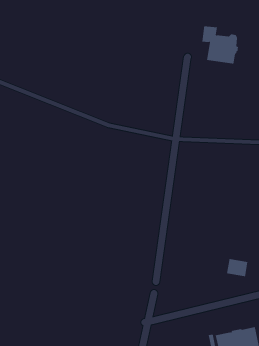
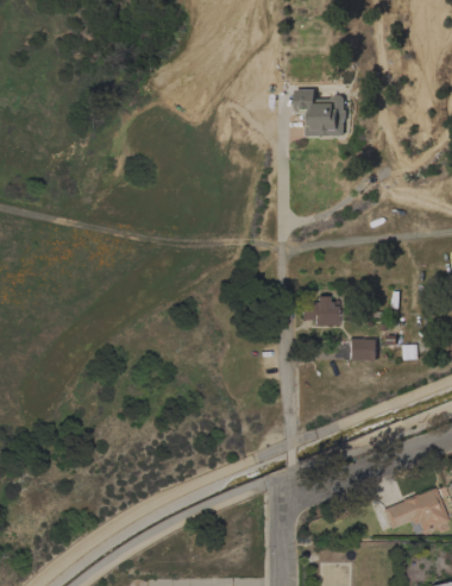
building: none -> [302,296,340,326]
building: [226,258,248,277] -> [350,339,377,360]

